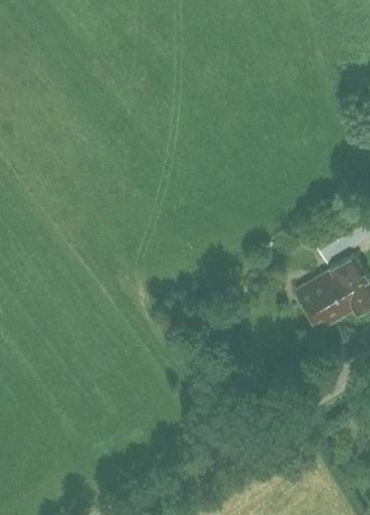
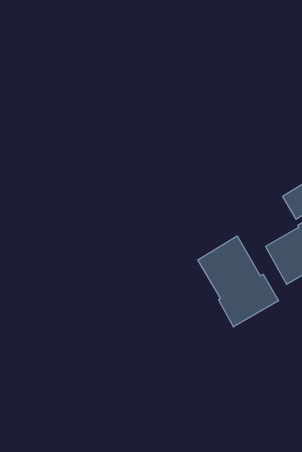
building: none -> [198,236,279,327]

